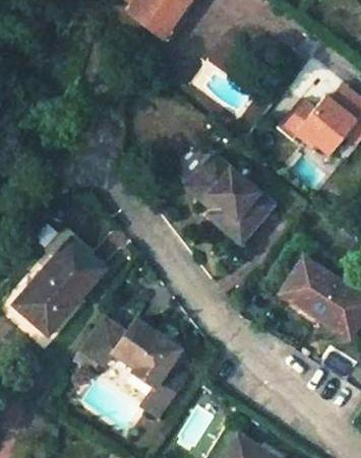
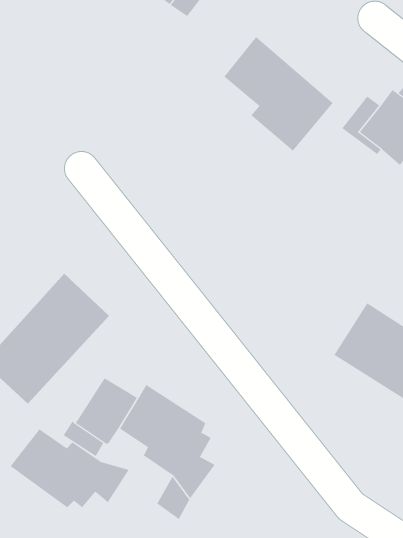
building: [188,155,272,243] -> [224,36,333,151]
building: none -> [10,428,130,508]

